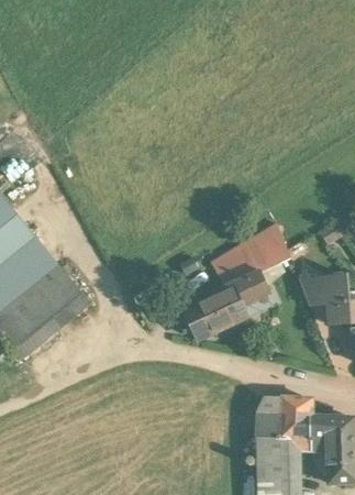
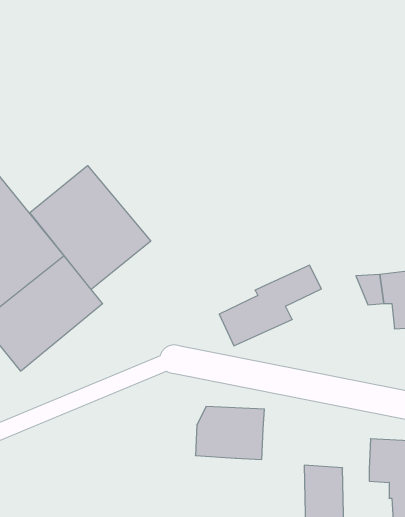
building: none -> [30,166,151,289]
building: [211,221,293,287] -> none
building: [255,396,312,440] -> [195,406,264,459]

